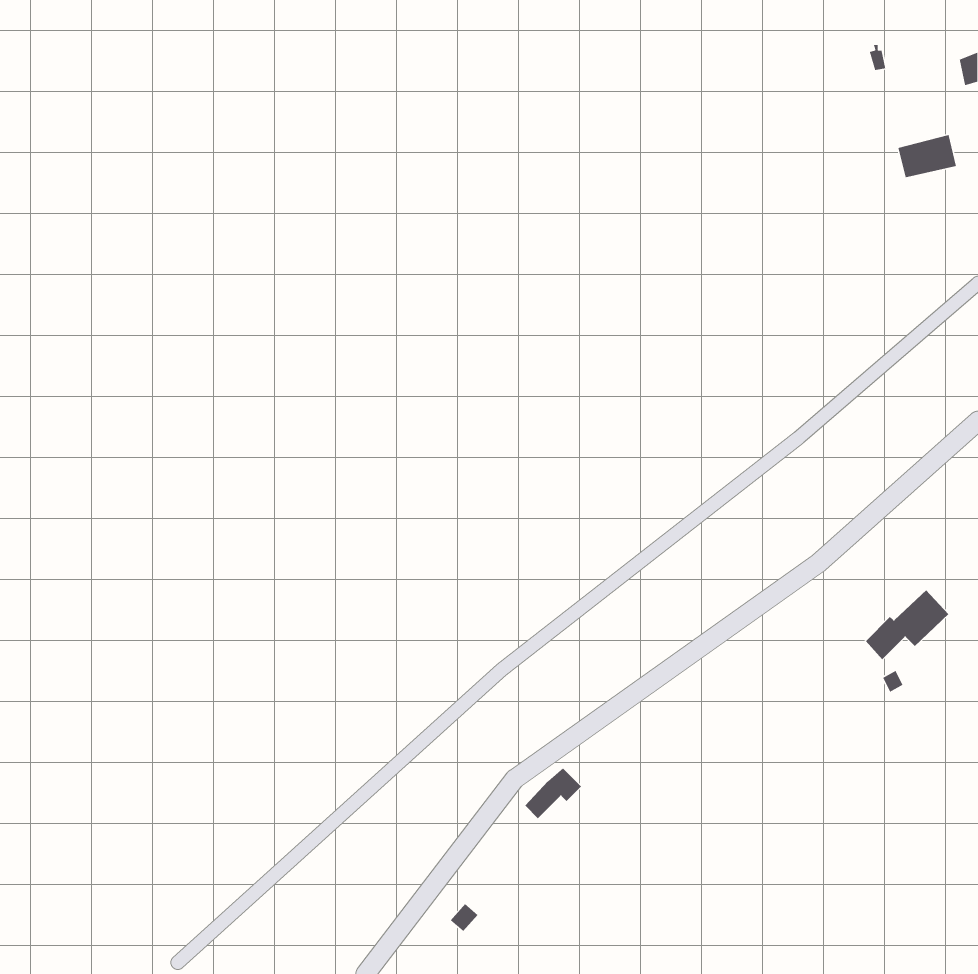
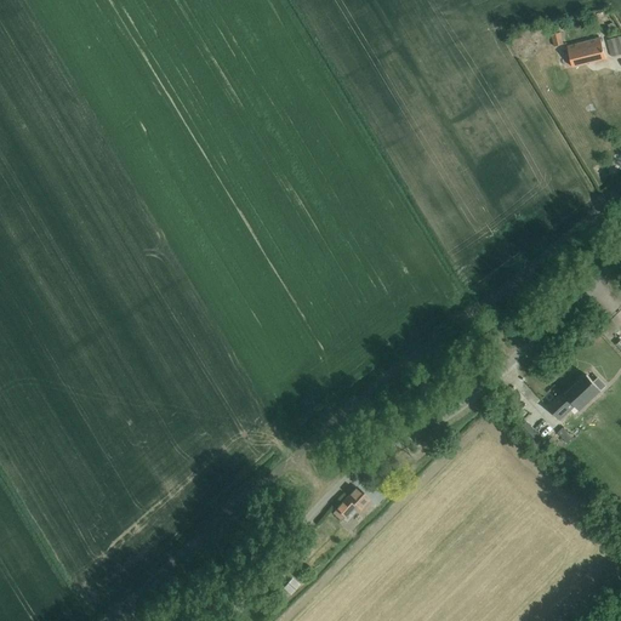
building: [897,134,957,178] -> [566,36,604,64]

